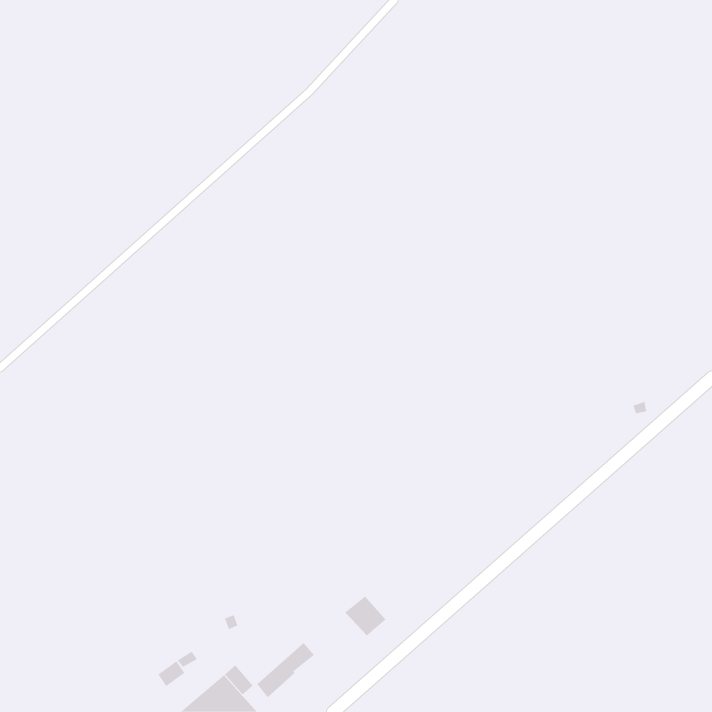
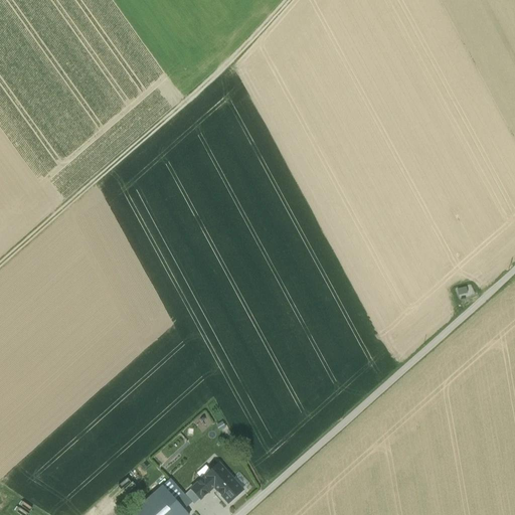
building: [344,596,386,636] -> [212,473,242,502]

